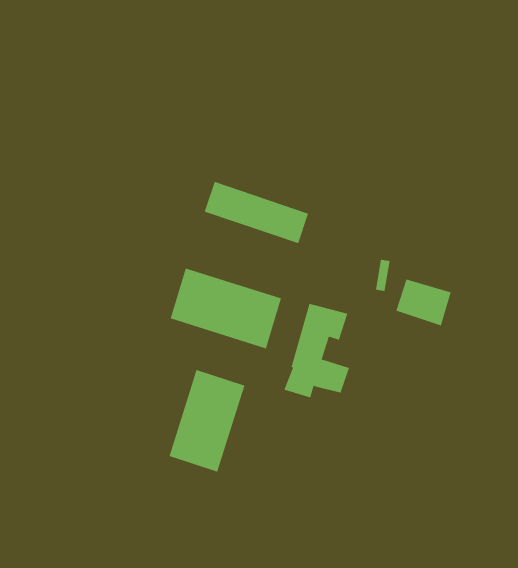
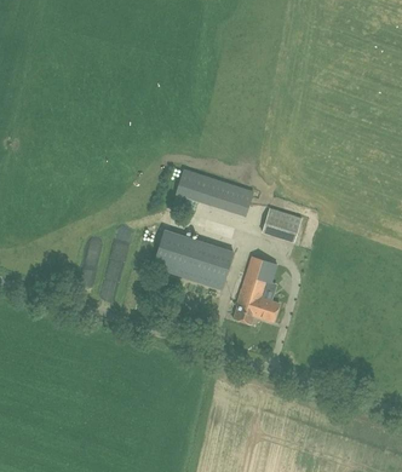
building: [396,279,452,326] -> [263,208,303,242]
building: [169,369,245,472] -> none

